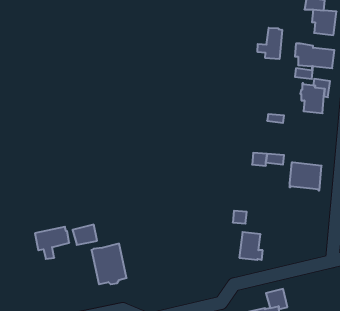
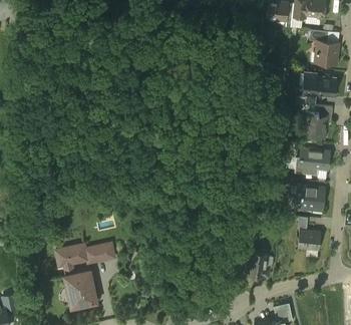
building: [258,28,282,59] -> none
building: none -> [299,148,329,170]
building: none -> [298,229,321,250]
building: [91,244,127,284] -> [64,270,97,308]

